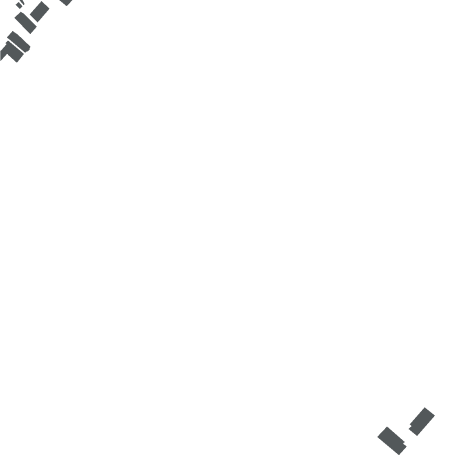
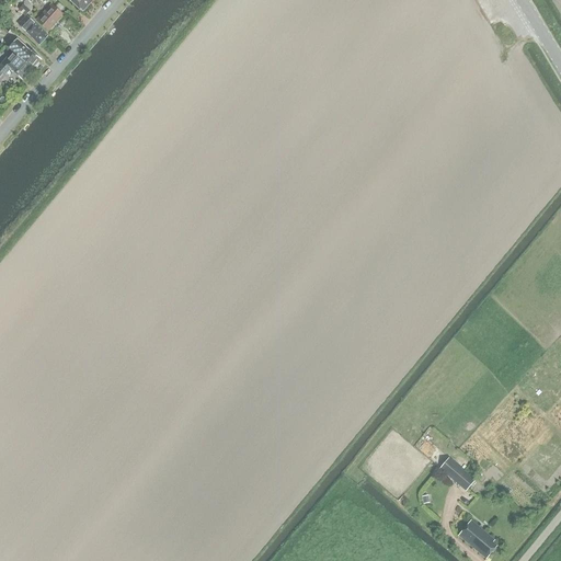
building: none -> [437,455,473,489]
building: [407,406,436,437] -> none

